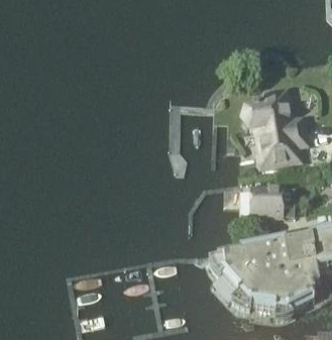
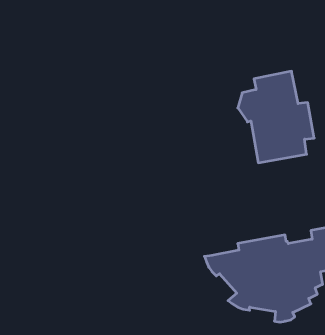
building: [253,187,283,216] -> none

